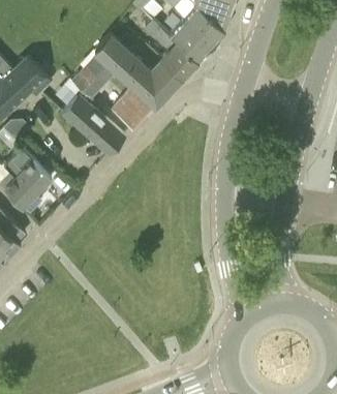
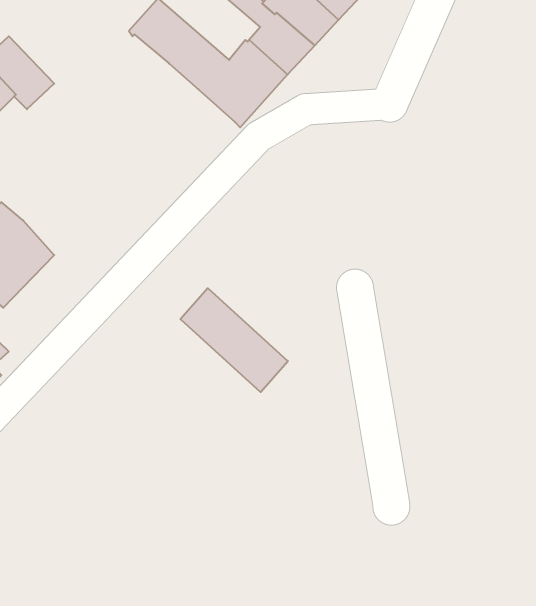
building: [73,55,117,98] -> none
building: [113,86,154,128] -> none
building: [63,95,124,154] -> [180,288,288,392]

